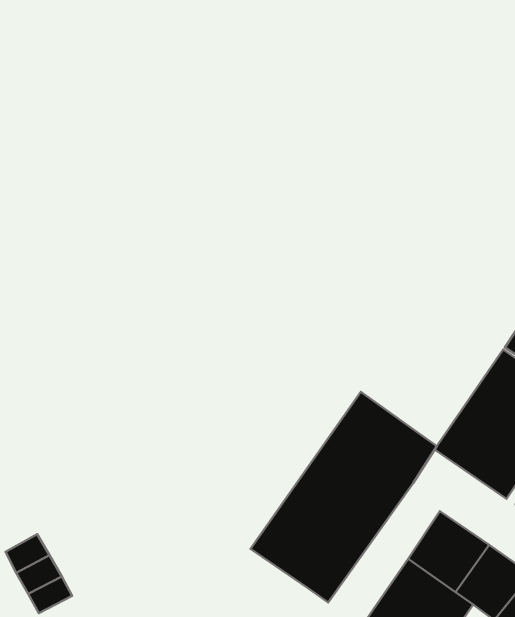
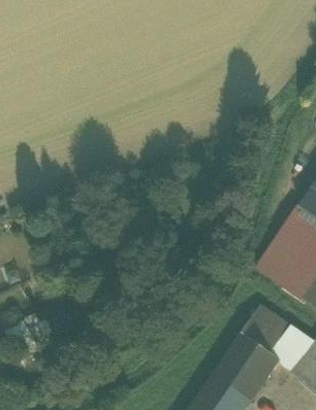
building: [251,392,437,602] -> none

